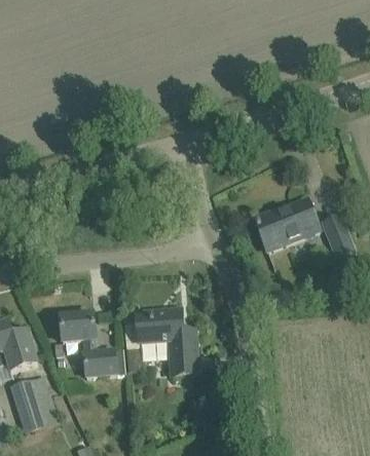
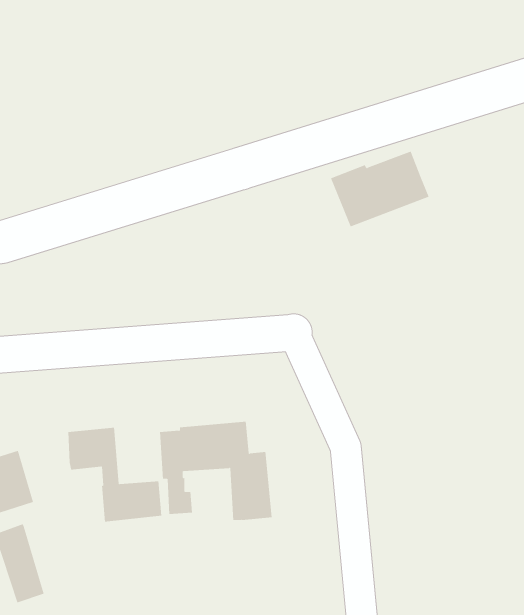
building: [254,198,321,250] -> [330,151,430,227]
building: [324,214,356,261] -> none

